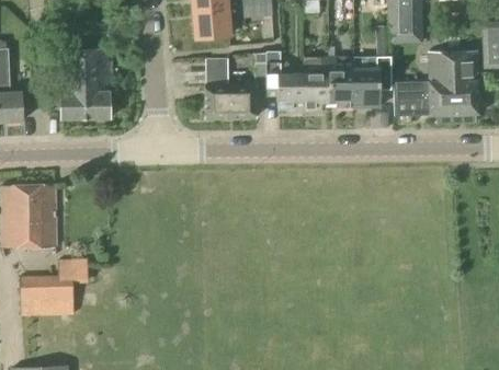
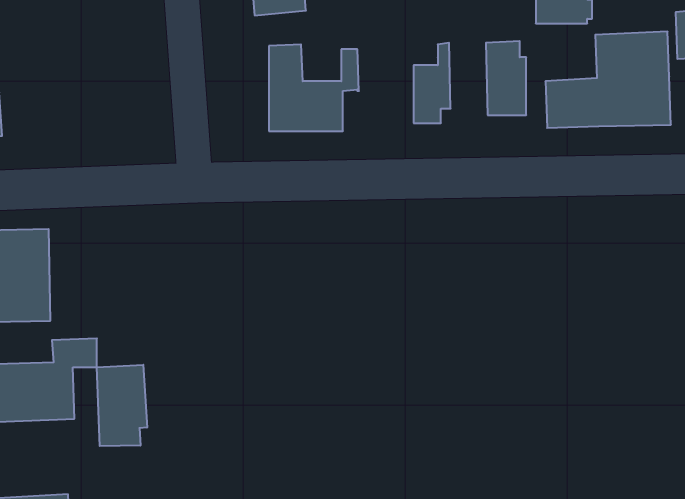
building: [59,47,113,118] -> none
building: [264,51,304,112] -> none
building: [328,57,354,106] -> none
building: none -> [97,365,147,446]

